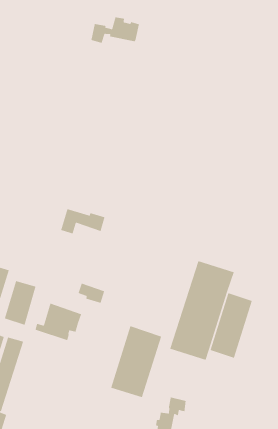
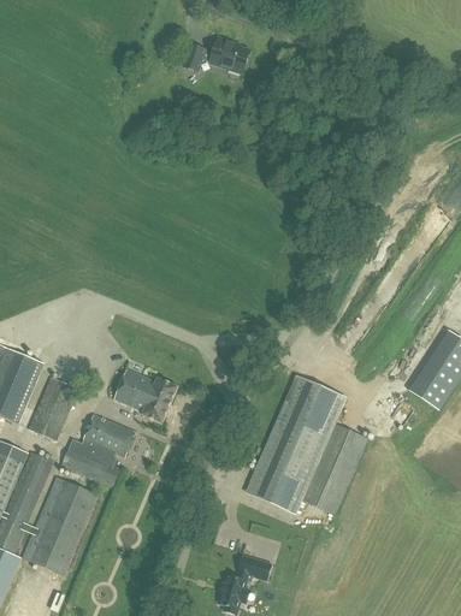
building: [60,208,105,234] -> [114,368,177,404]
building: [110,325,162,398] -> [20,475,97,575]
building: none -> [61,448,118,486]

